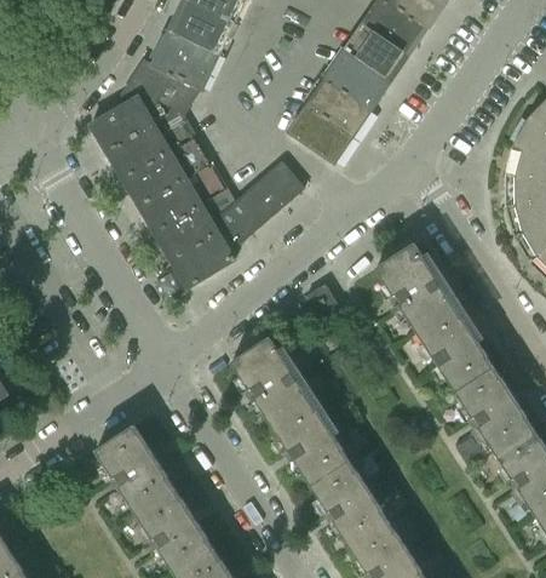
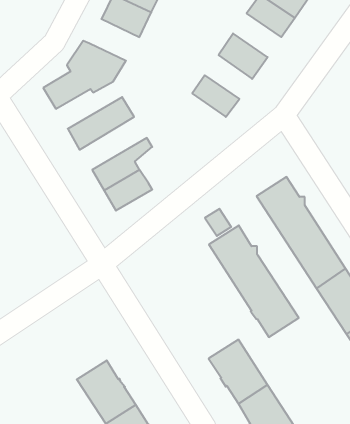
building: [343,24,407,82] -> none
building: [151,32,218,88] -> none
building: [305,80,368,138] -> none
building: [107,115,195,178] -> none
building: [138,162,228,233] -> none
building: [212,162,304,251] -> none
building: [230,336,350,485] -> [209,225,299,337]
building: [94,424,174,513] -> none

